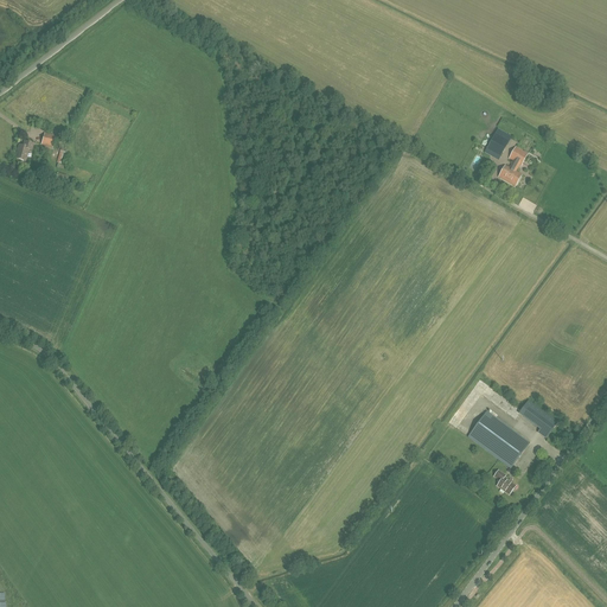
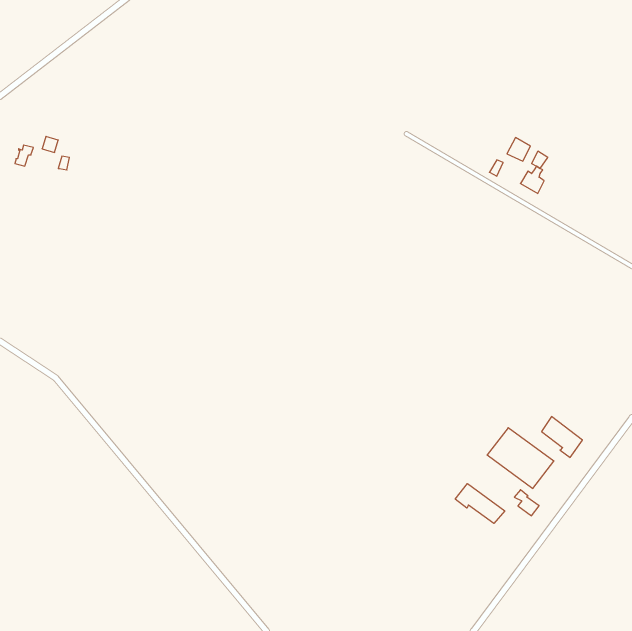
building: none -> [455,484,505,523]

